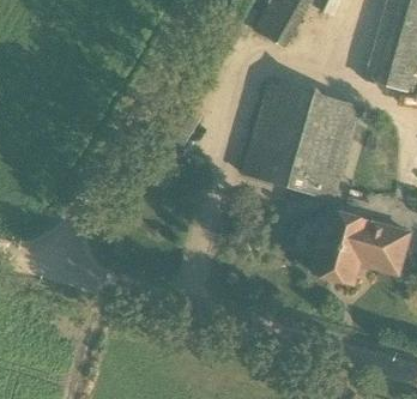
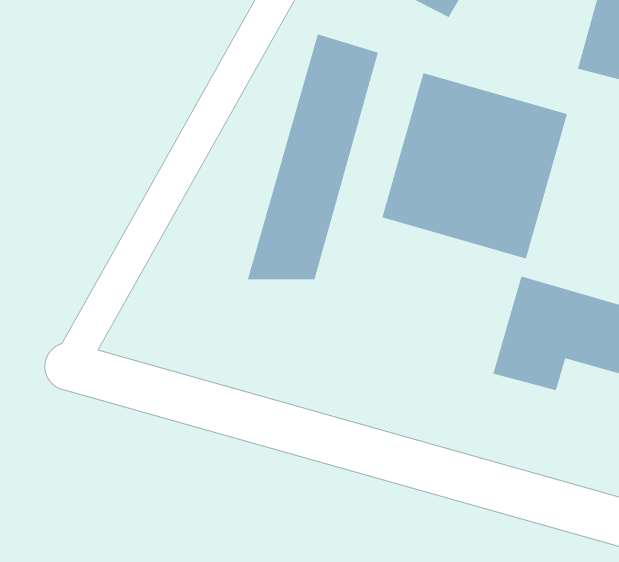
building: none -> [247,34,379,280]

